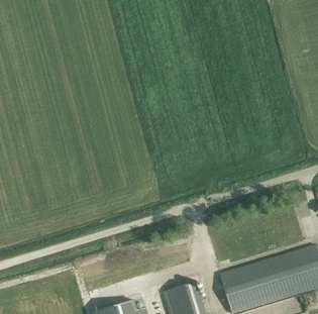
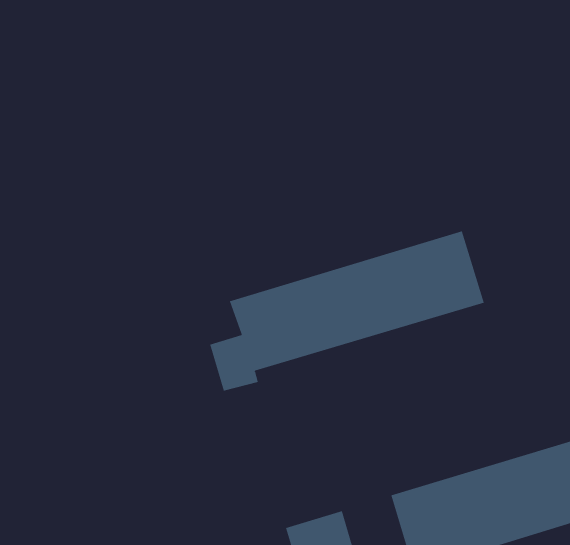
building: none -> [210,231,484,391]

